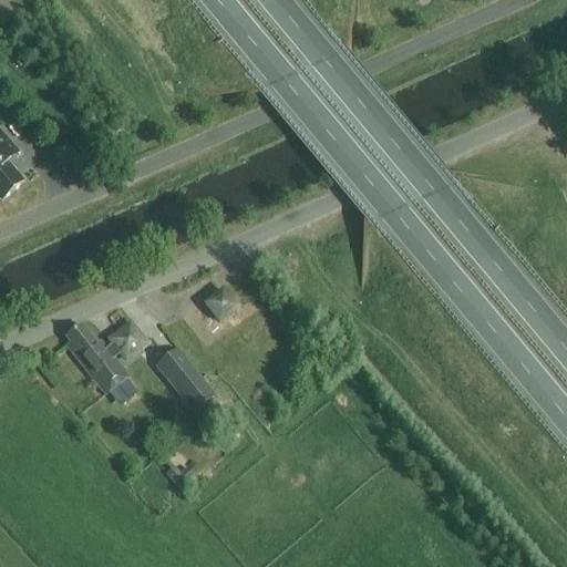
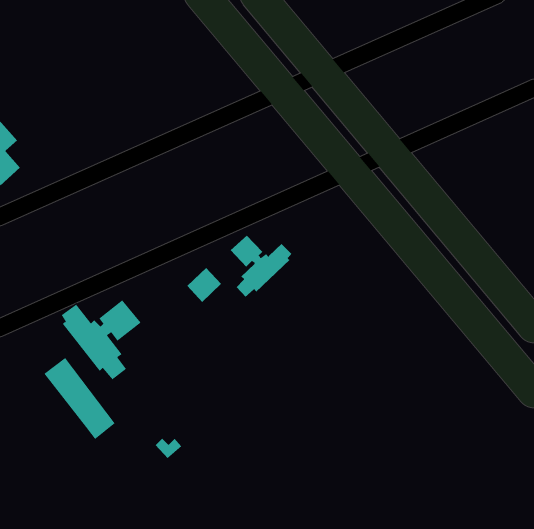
building: none -> [230,235,292,298]
building: [154,344,230,432] -> [43,357,116,440]

